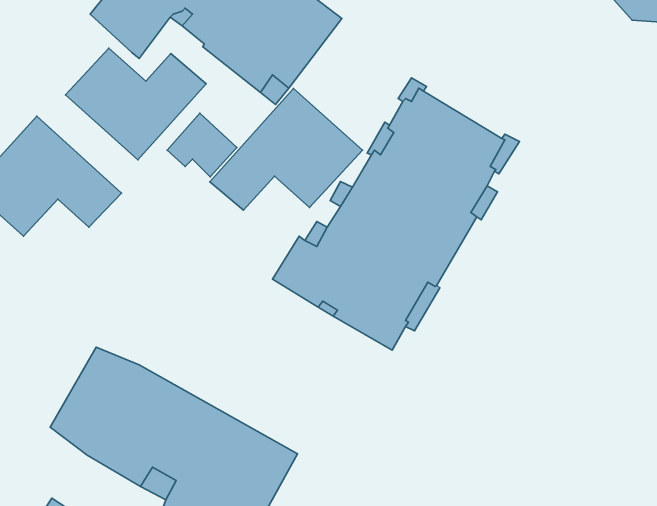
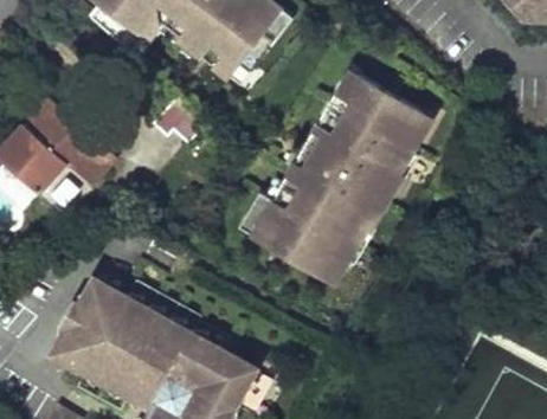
building: [65,48,206,160] -> none
building: [210,89,363,210] -> none

